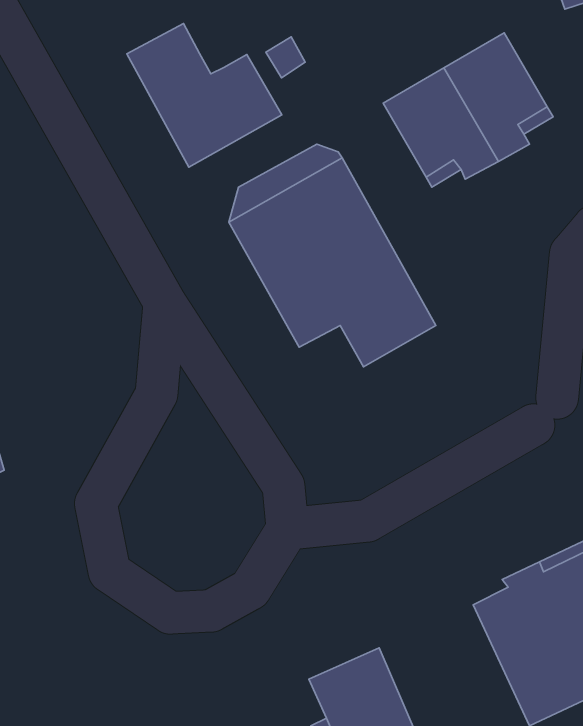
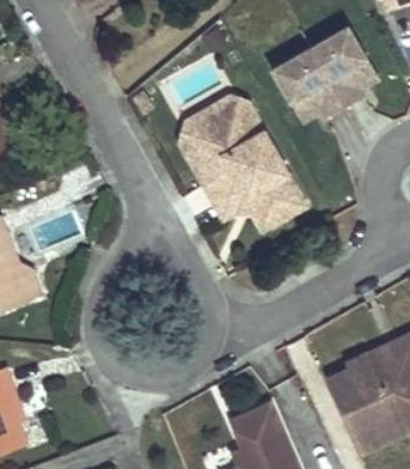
building: [127,23,282,167] -> none

